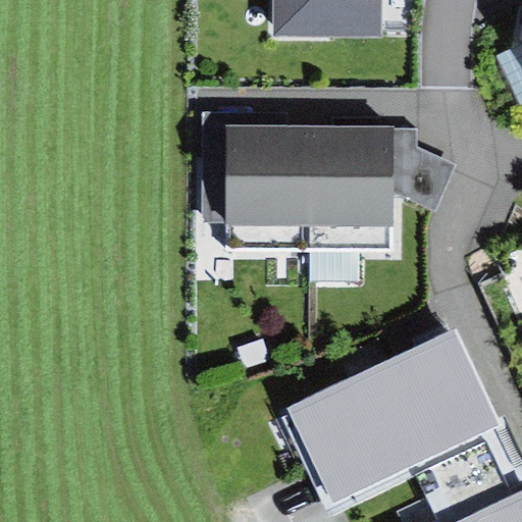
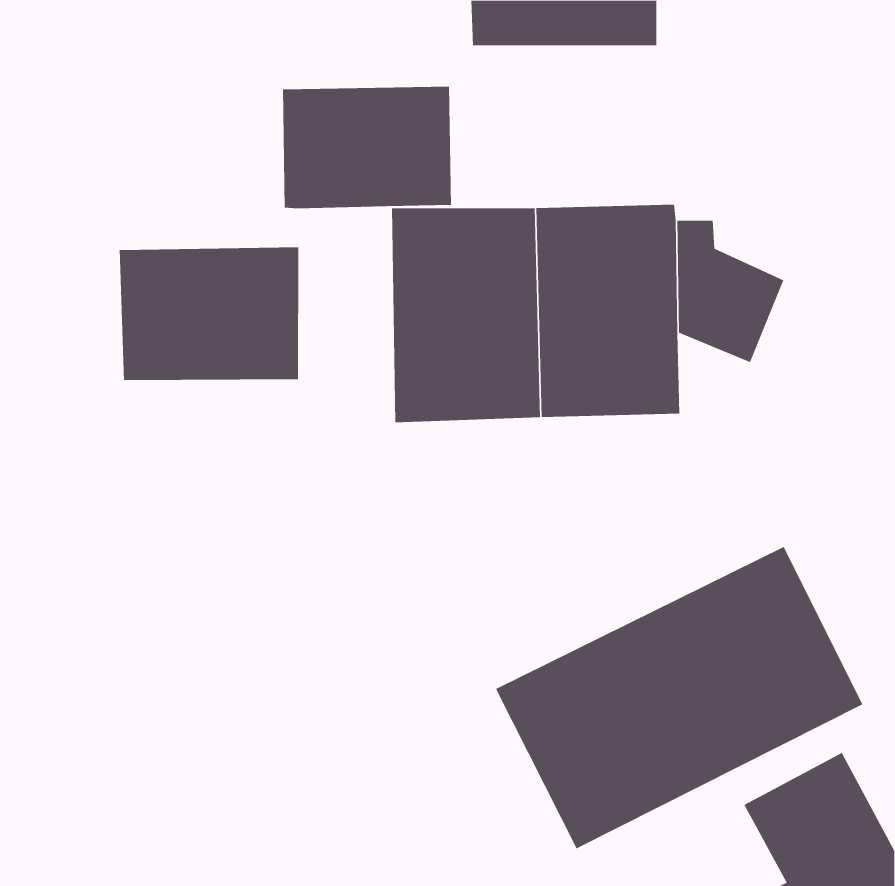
building: none -> [282,86,451,209]
building: none -> [119,247,299,381]

